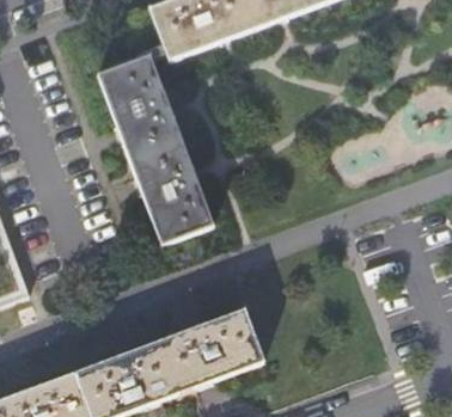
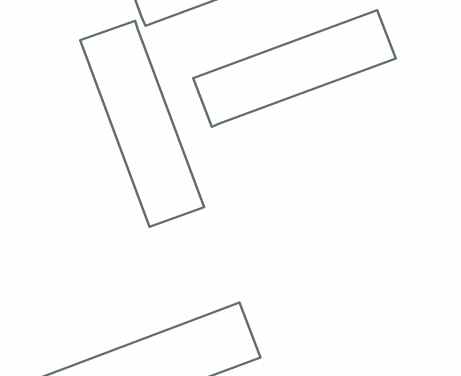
building: none -> [193,10,396,127]

